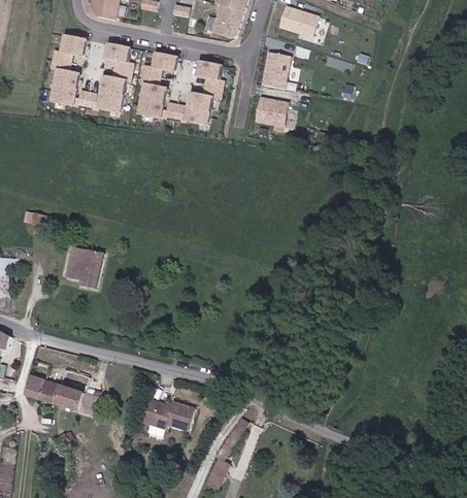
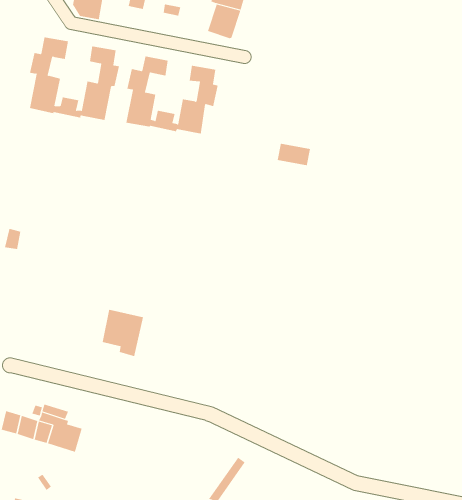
building: [280,6,319,37] -> none
building: [263,53,290,89] -> none
building: [258,98,289,119] -> [277,143,311,166]
building: [64,244,102,288] -> [102,309,144,357]
building: [143,399,194,430] -> none

